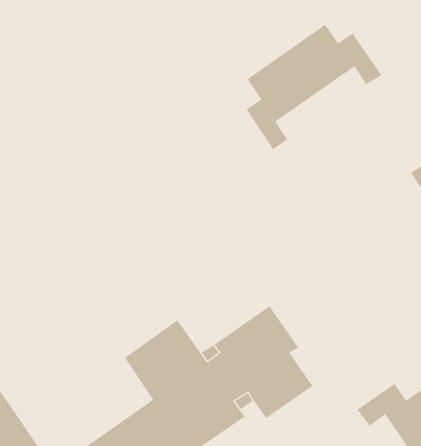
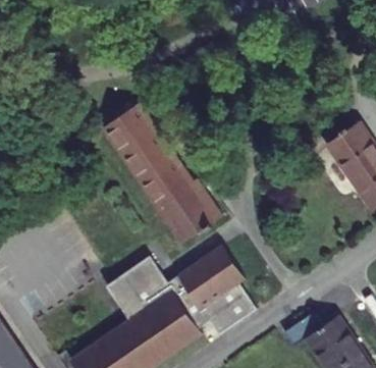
building: [246,24,382,150] -> none
building: none -> [106,103,223,241]

